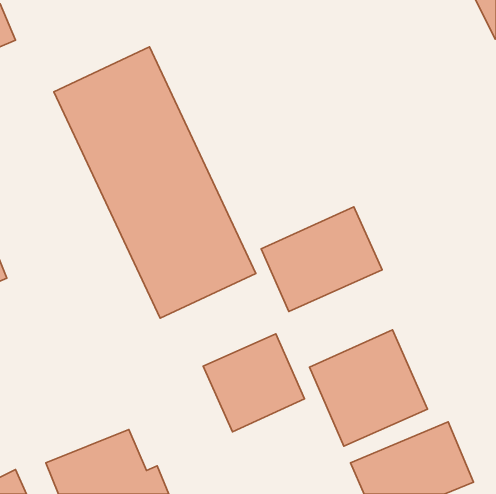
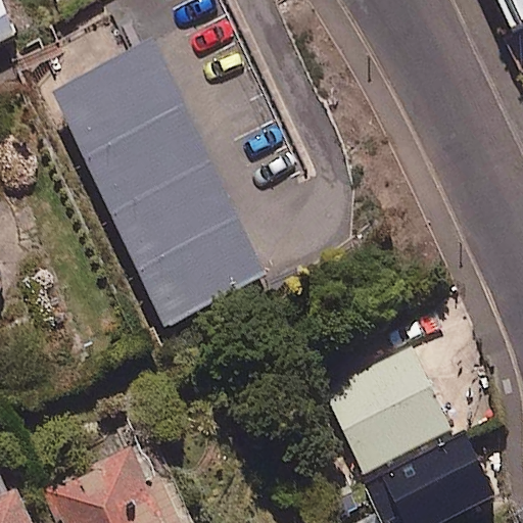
building: [261,207,382,311] -> none
building: [203,334,305,432] -> none

